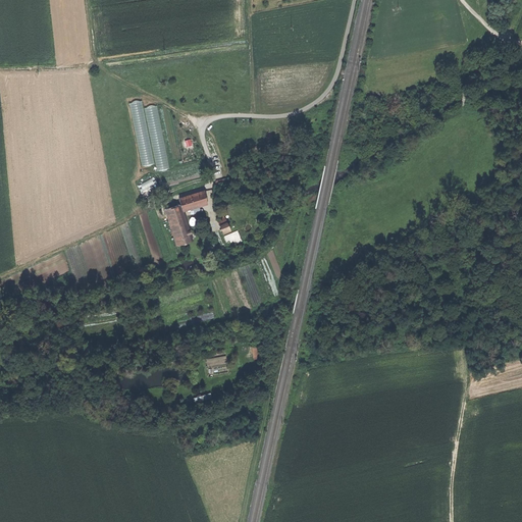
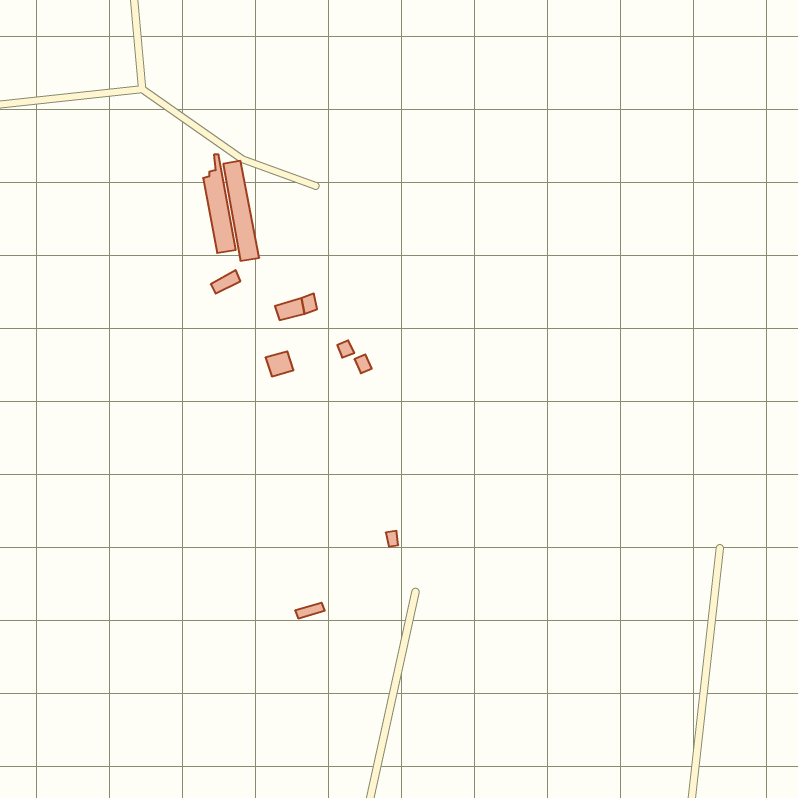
building: [166,206,188,233] -> none

